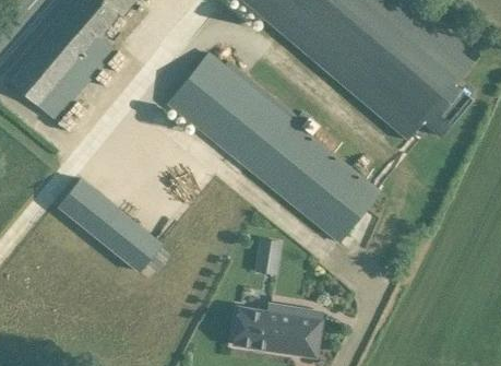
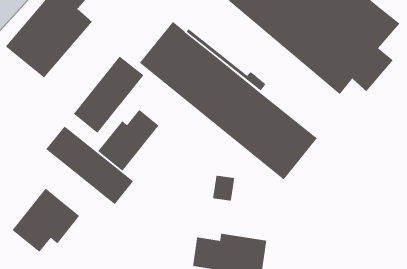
building: none -> [73,55,144,134]
building: none -> [97,109,159,172]
building: none -> [11,188,80,253]

